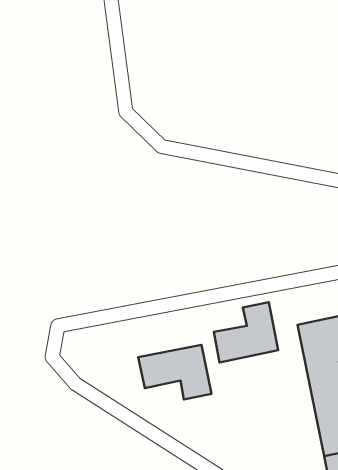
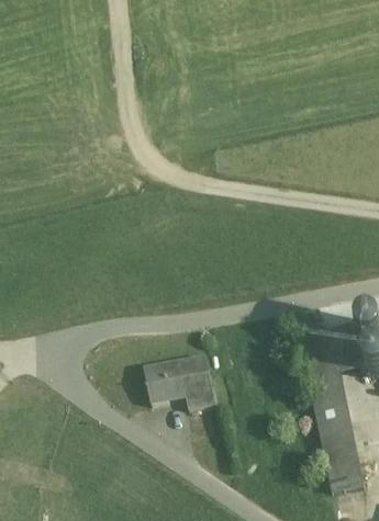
building: [214,302,278,362] -> none

